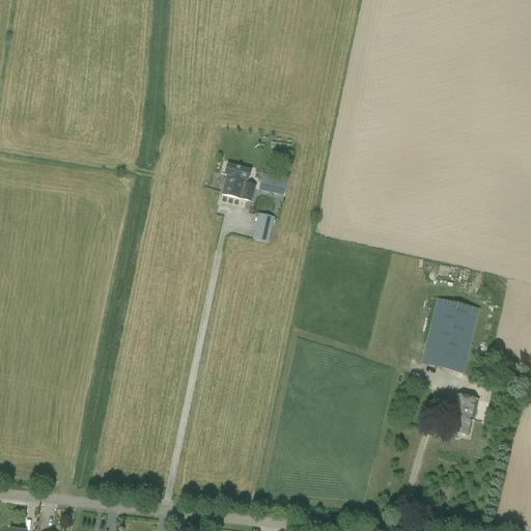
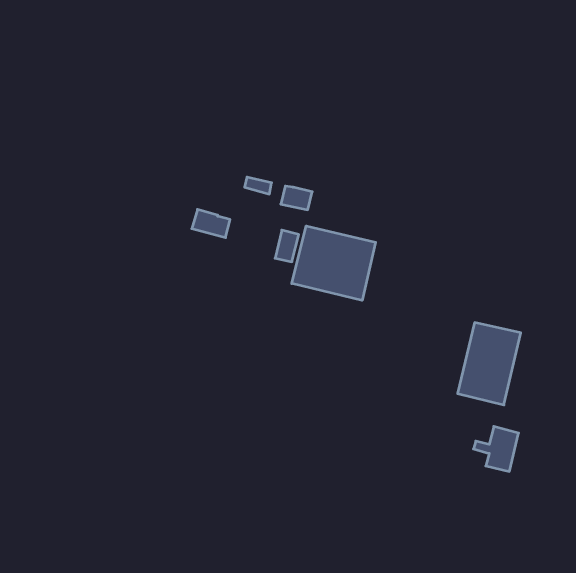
building: [221,174,256,200] -> [192,209,230,238]
building: none -> [292,226,376,300]

